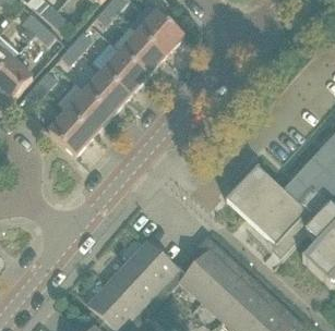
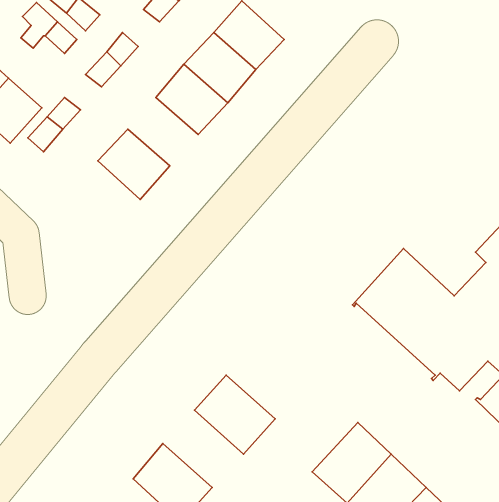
building: [86,69,130,111] -> none
building: [49,108,94,152] -> none
building: [180,250,229,301] -> none
building: [108,262,158,310] -> none

